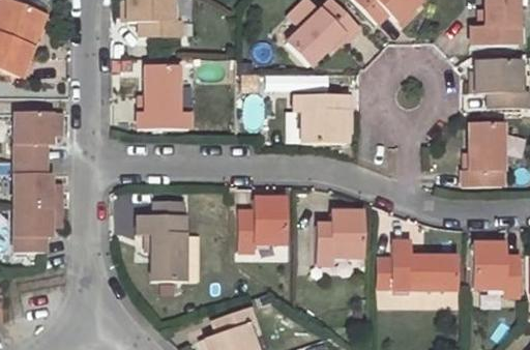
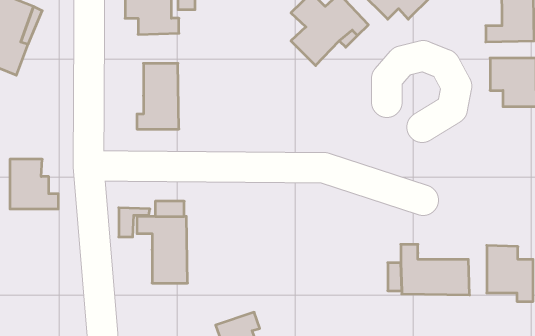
building: [296,95,348,143] -> none
building: [16,111,63,157] -> none
building: [466,122,505,186] -> none
building: [240,195,287,249] -> none
building: [14,205,62,253] -> none
building: [317,209,363,262] -> none

